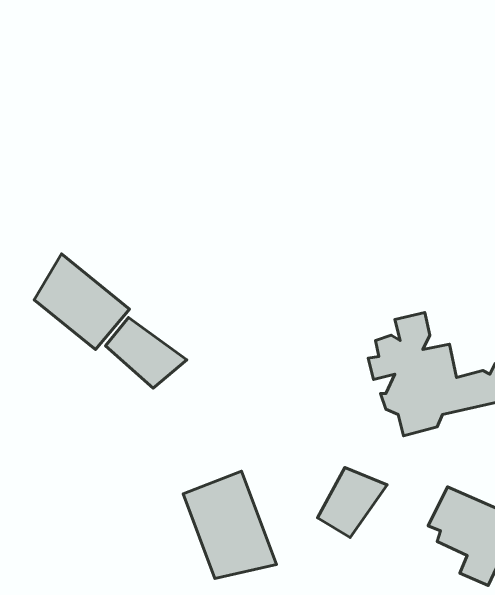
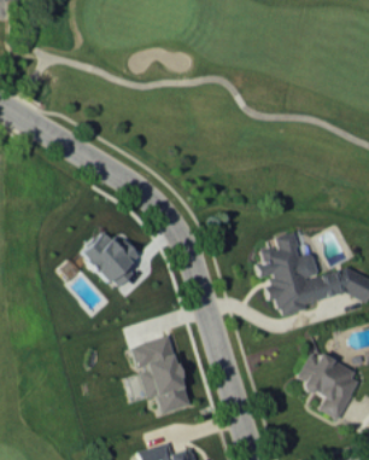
building: [34,254,129,349] -> none
building: [318,468,387,538] -> none

